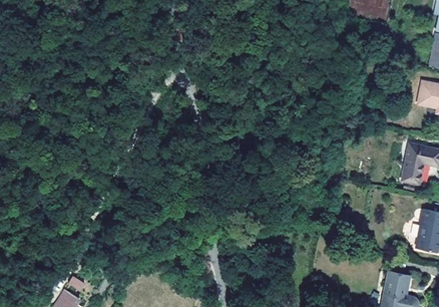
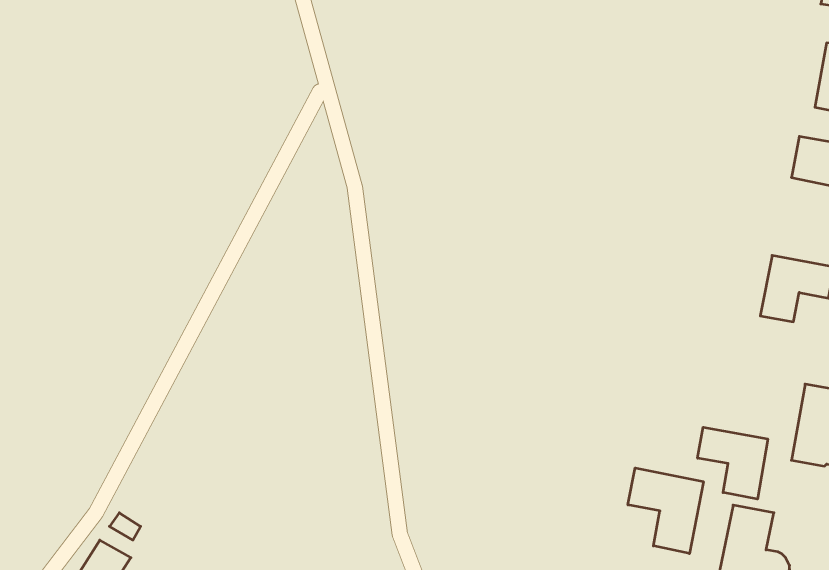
building: none -> [698,427,768,499]
building: none -> [628,468,703,554]

